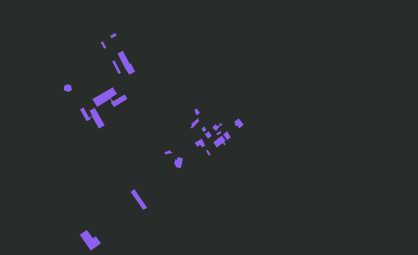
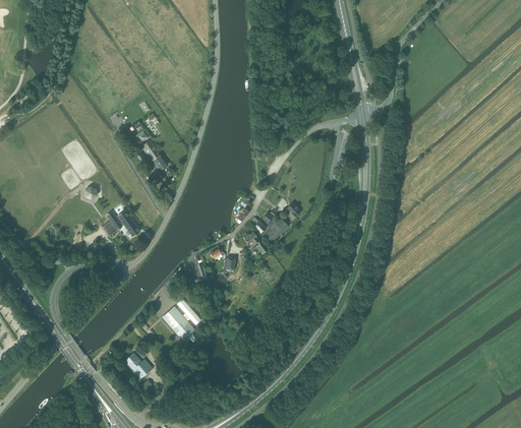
building: [91,86,129,108] -> none
building: none -> [162,306,196,342]

